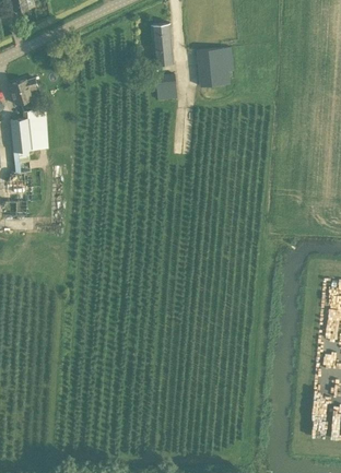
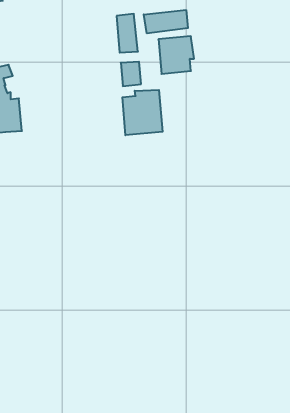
building: none -> [144,10,188,33]
building: none -> [122,90,163,135]

